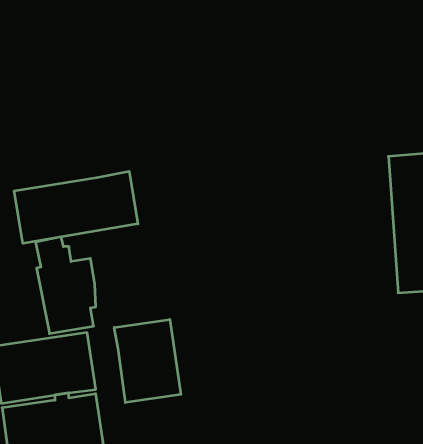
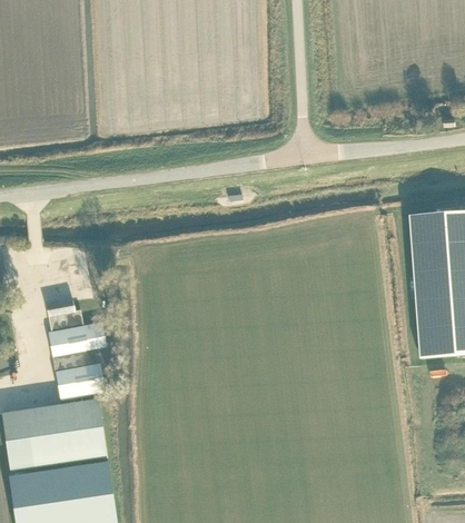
building: [14,171,138,243] -> none
building: [114,319,181,403] -> none

